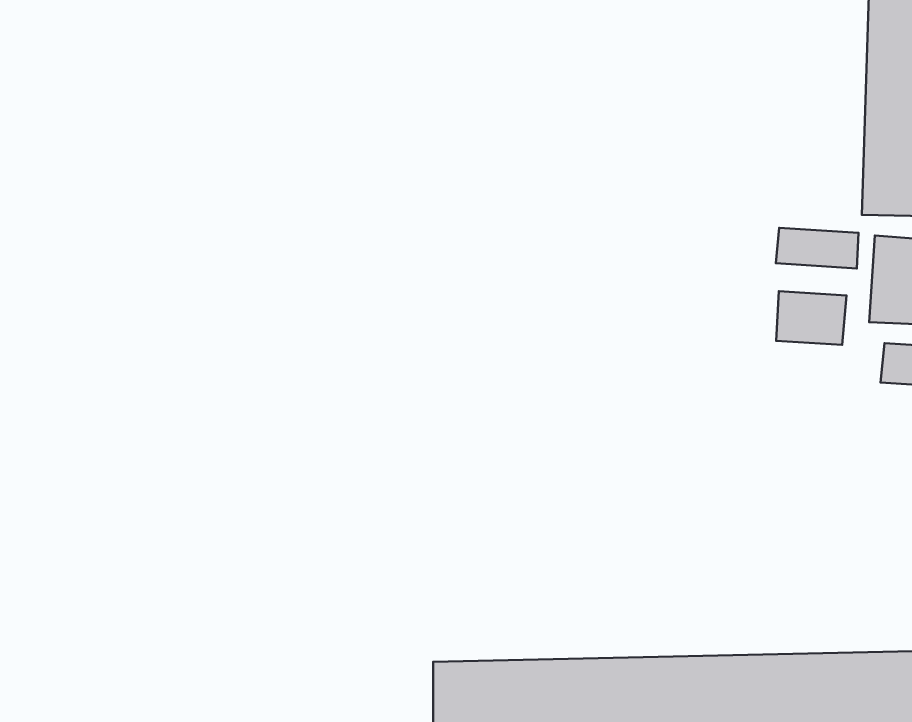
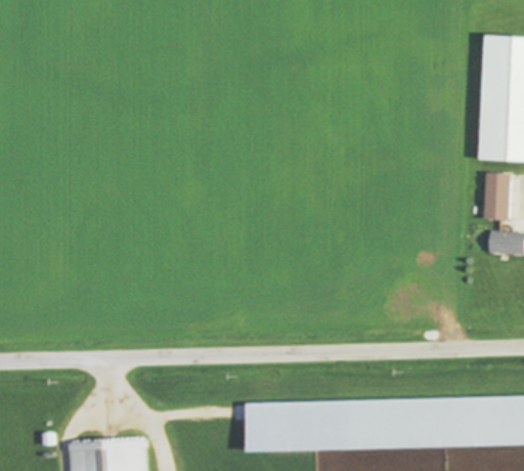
building: [776,228,859,268] -> none
building: [776,291,846,345] -> none

